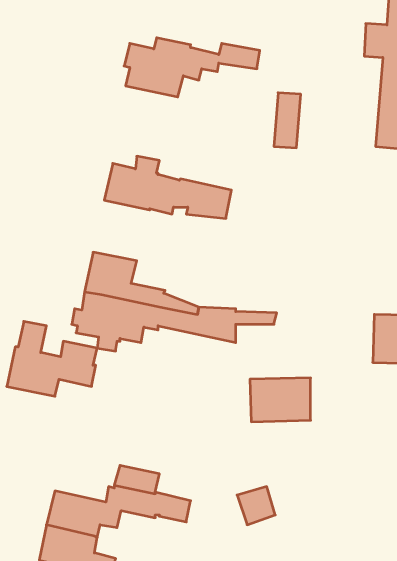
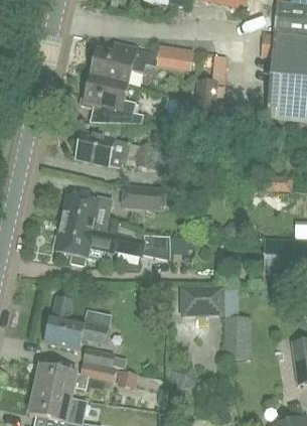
building: none -> [80,76,144,124]
building: none -> [122,185,163,207]
building: [7,321,97,396] -> [44,296,109,349]
building: none -> [222,315,251,358]

